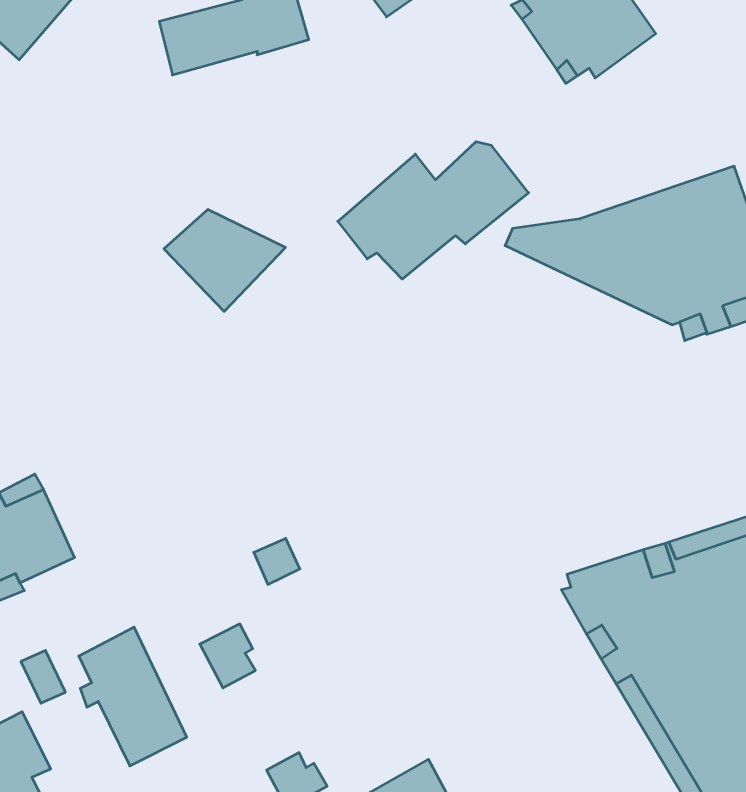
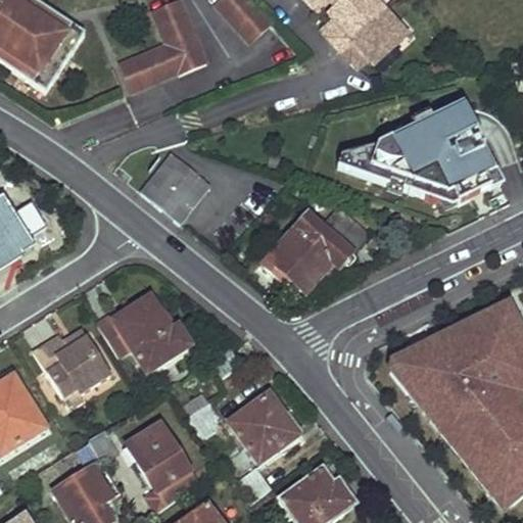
building: [338,142,529,279] -> [263,206,370,290]
building: none -> [97,293,190,369]
building: none -> [231,395,298,461]

